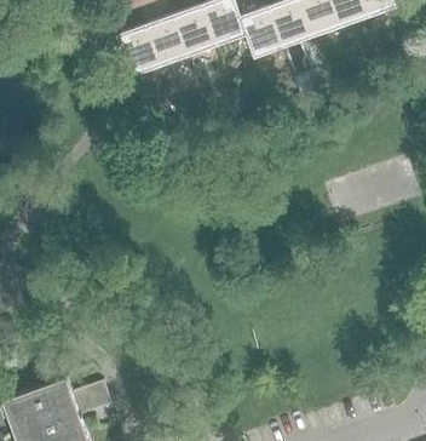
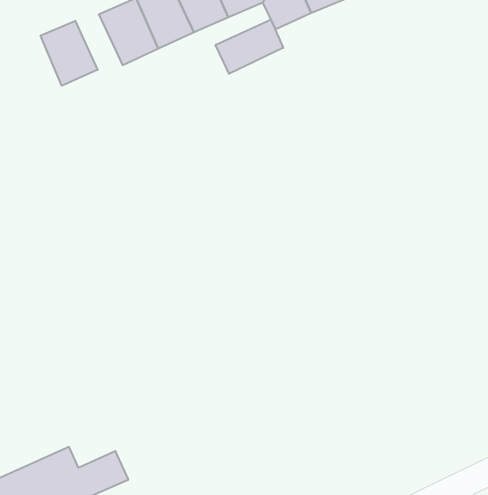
building: none -> [41,21,98,86]
building: none -> [216,20,283,74]

